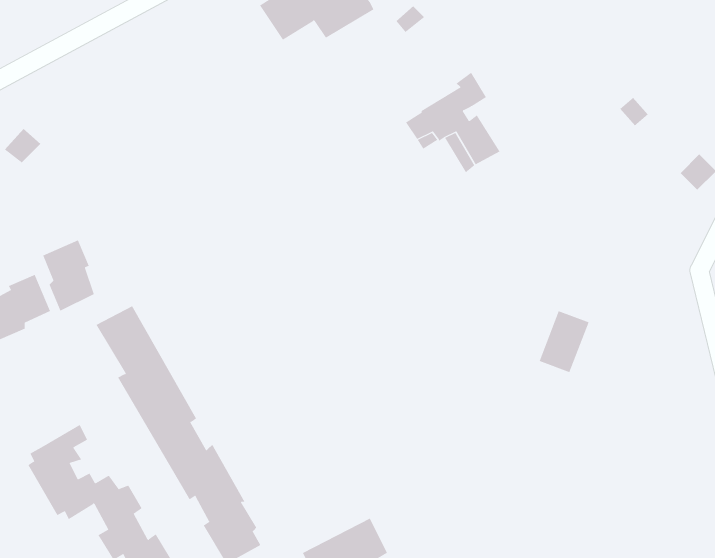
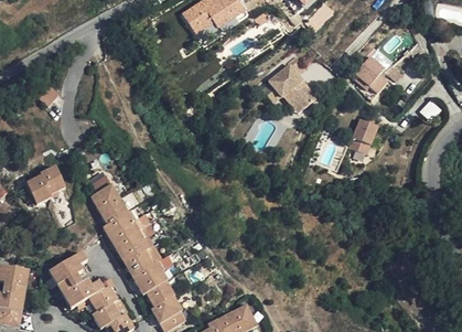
building: none -> [351,55,389,100]
building: [43,239,94,311] -> none
building: [539,311,589,373] -> [350,121,378,157]

